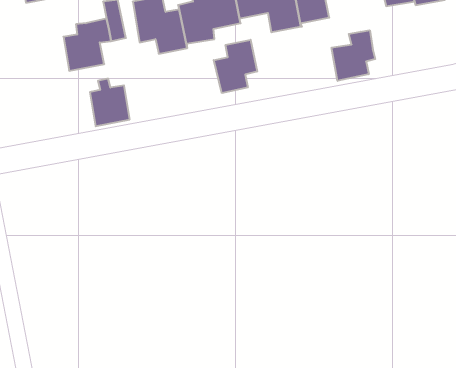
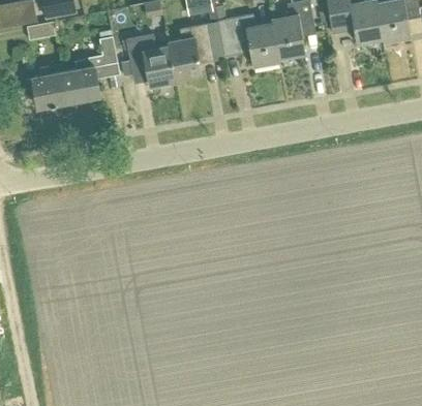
building: [332,30,375,81] -> none
building: [214,40,257,93] -> none
building: [90,79,130,126] -> [32,65,68,108]

